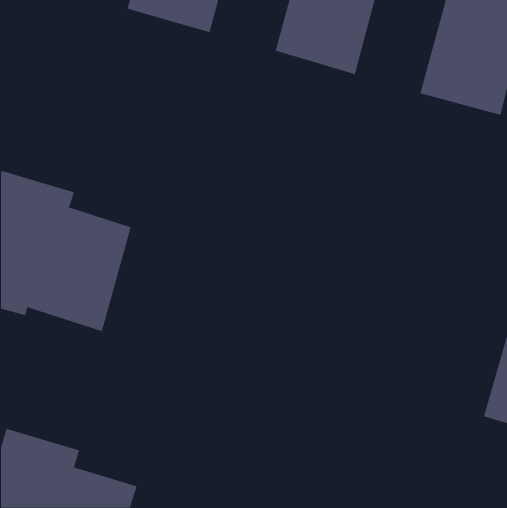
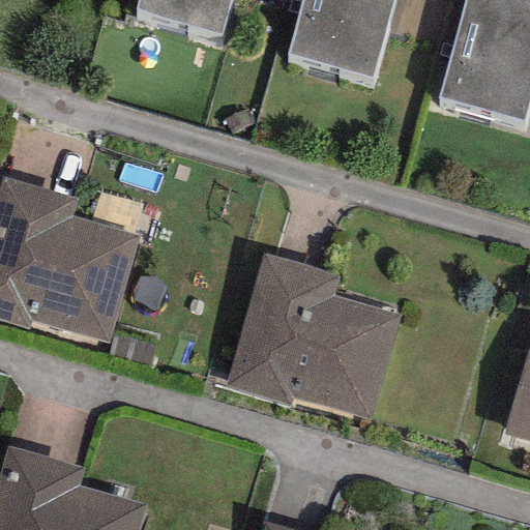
building: none -> [226,255,402,420]

